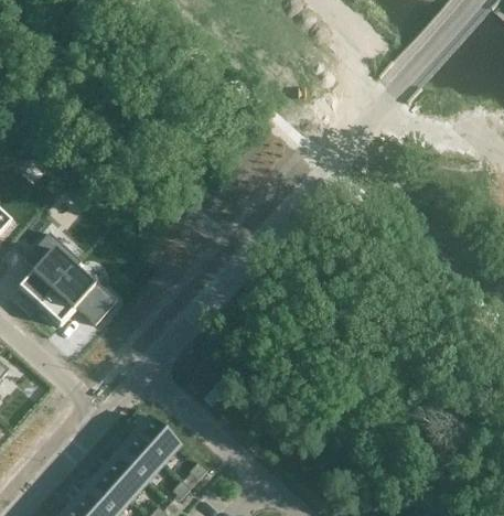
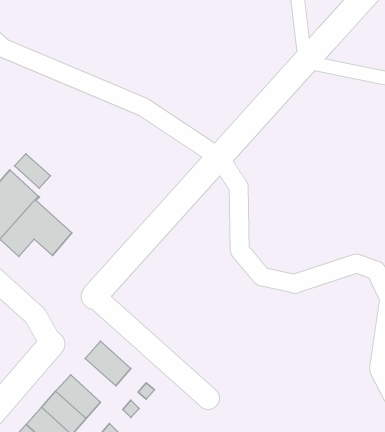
building: none -> [15,154,50,188]
building: [115,436,163,483] -> none

